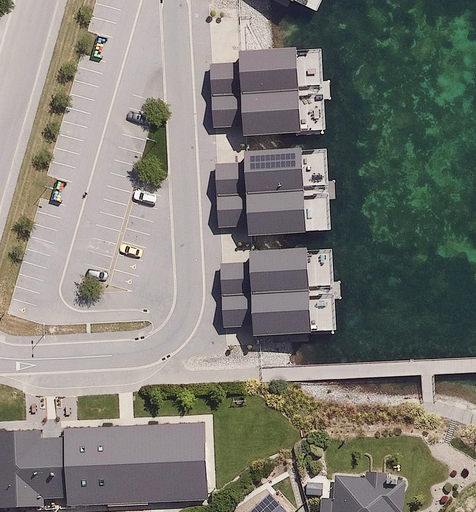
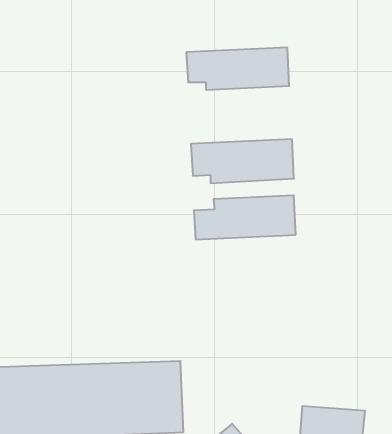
building: [211,46,320,95] -> none
building: [216,146,325,193] -> none
building: [222,290,331,336] -> none

